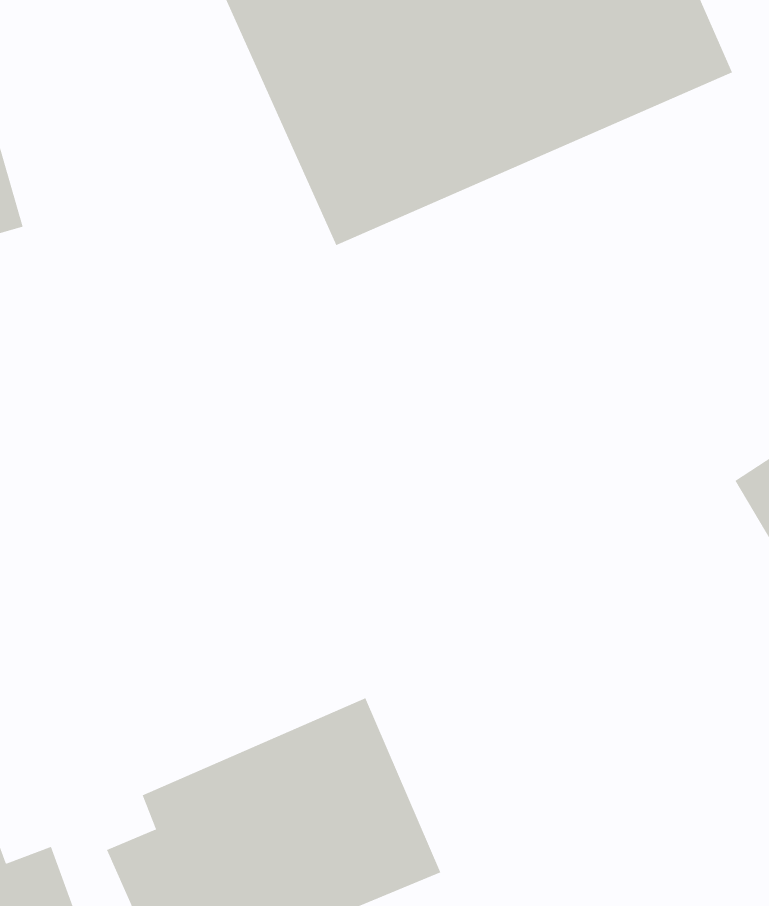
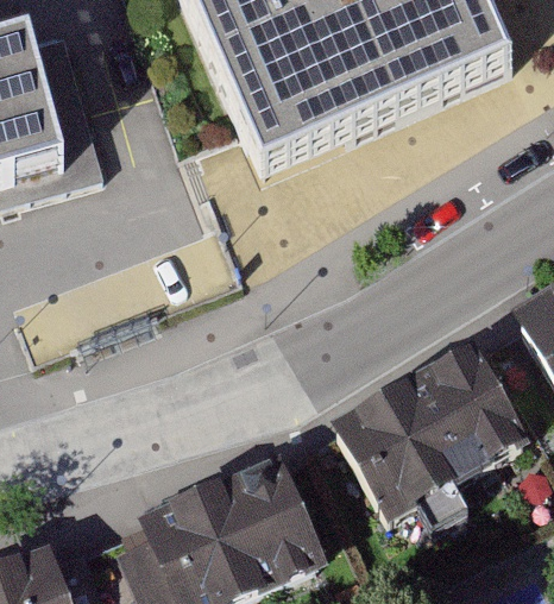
building: none -> [330,360,520,530]

